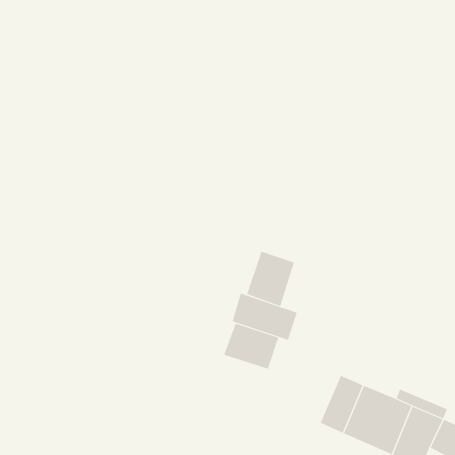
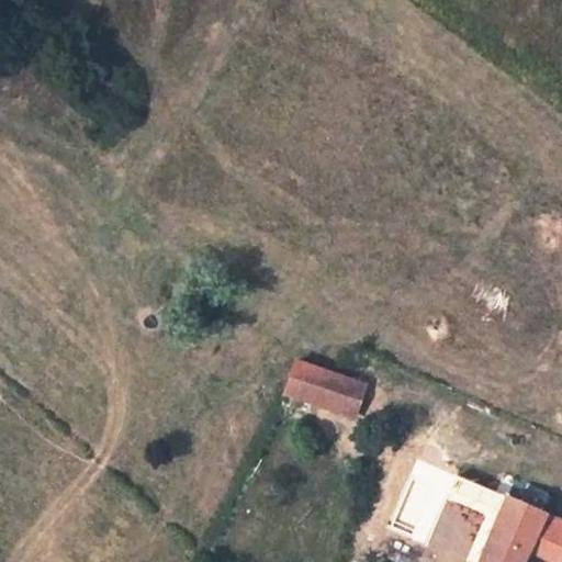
building: [247,251,295,307] -> none
building: [223,323,279,369] -> none

